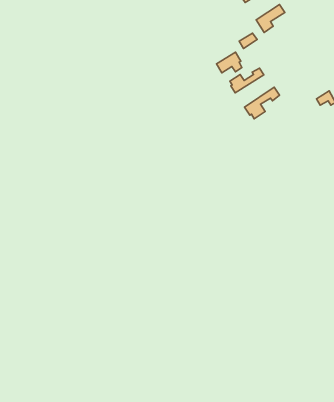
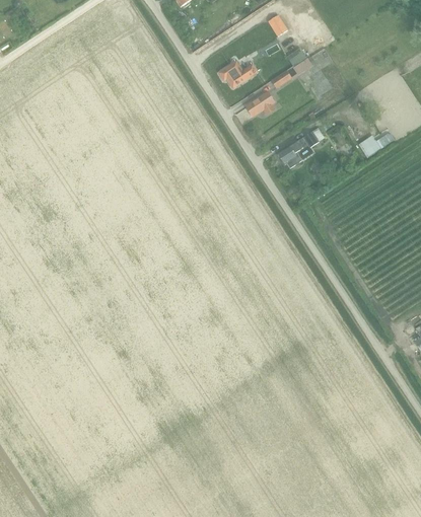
building: none -> [219,61,256,85]
building: [230,68,264,93] -> none

